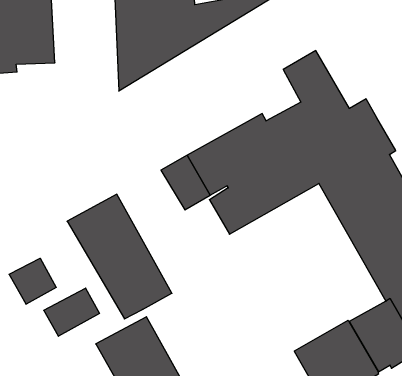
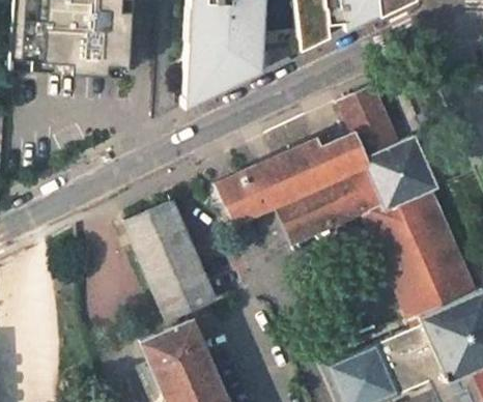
building: [9,258,56,304] -> none
building: [44,288,99,336] -> none

